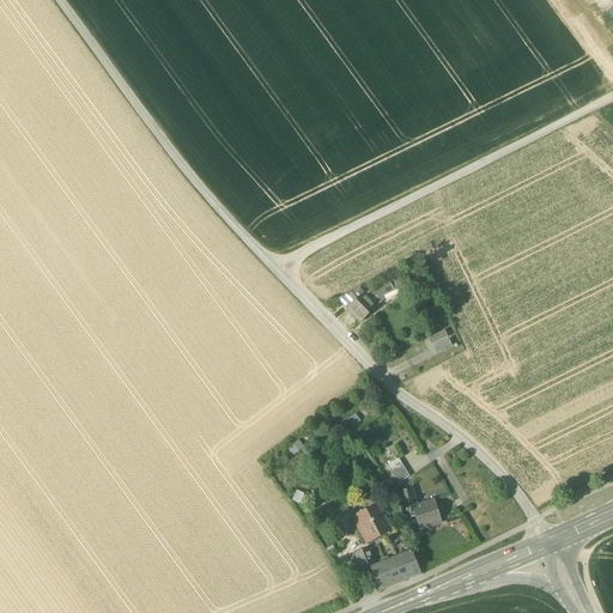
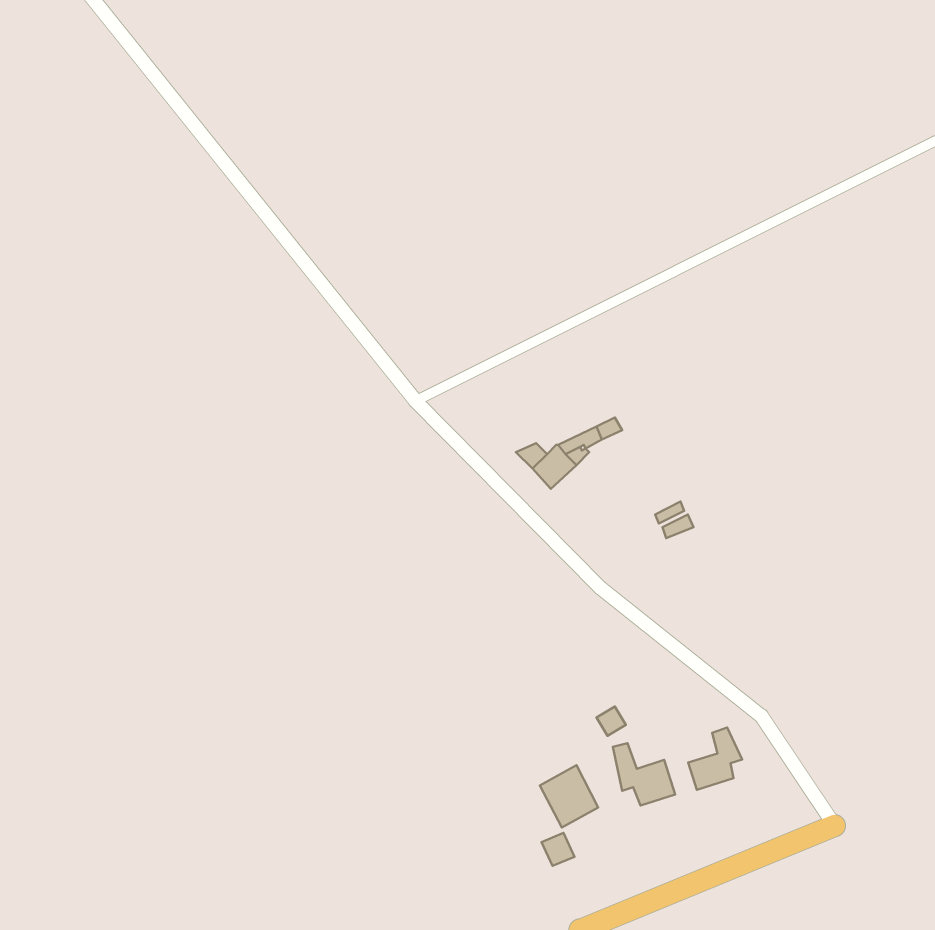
building: none -> [688,727,742,790]
building: [370,548,421,588] -> none

